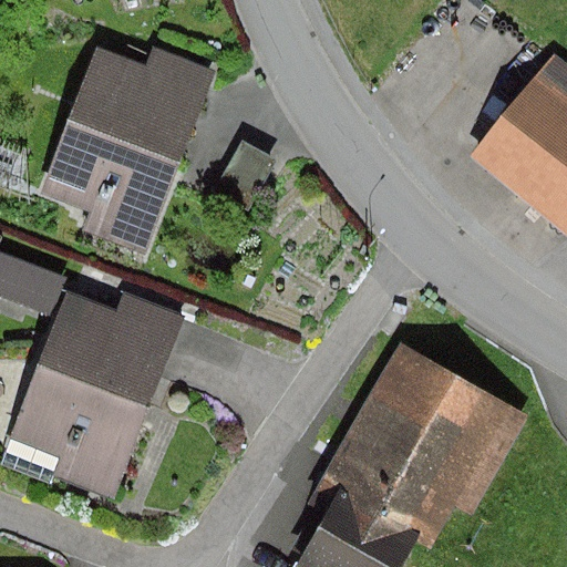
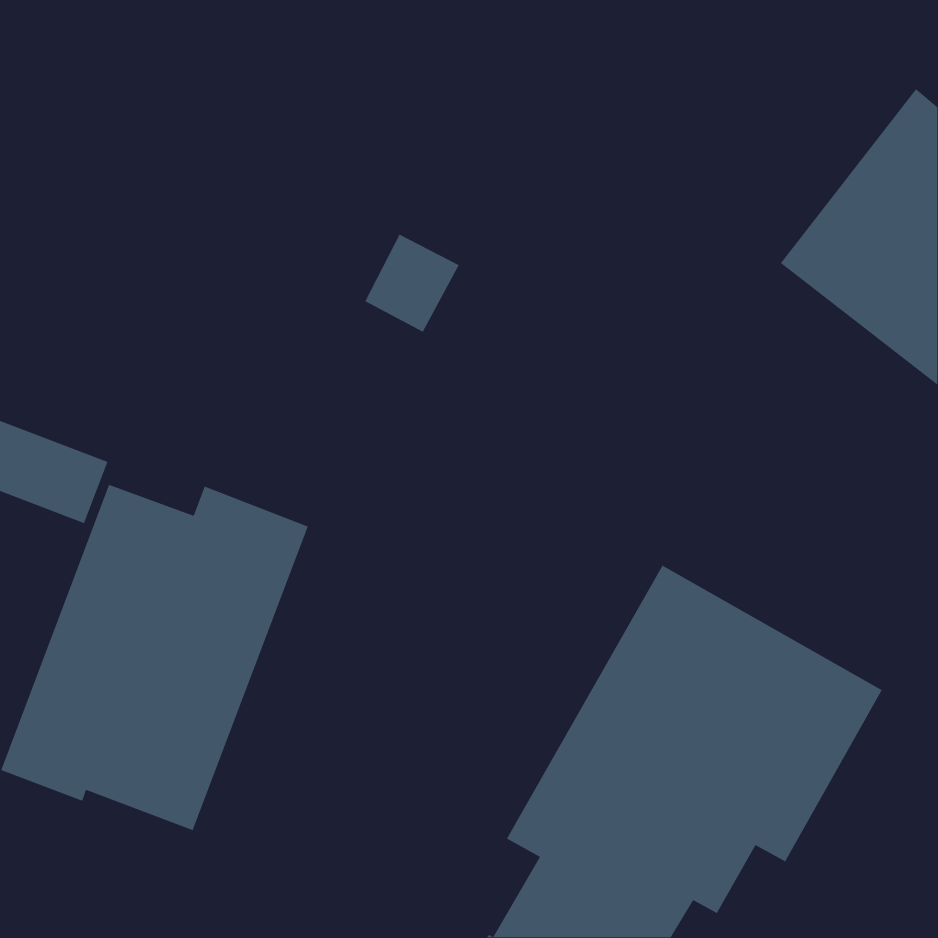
building: [39,47,215,256] -> none

